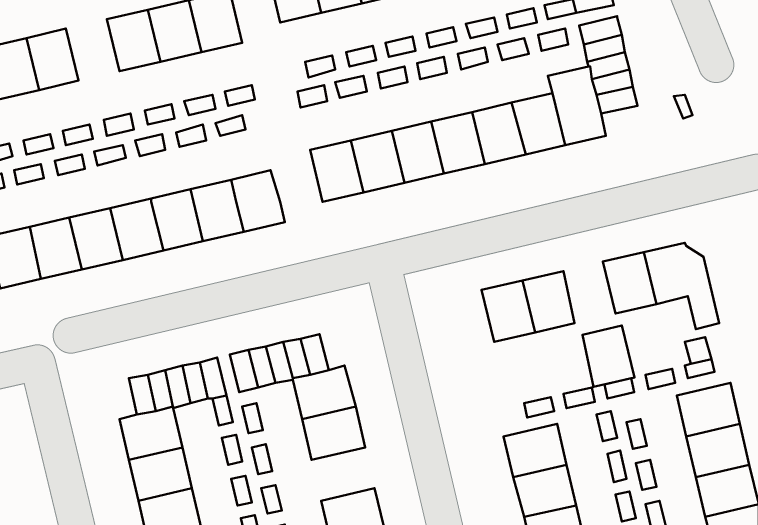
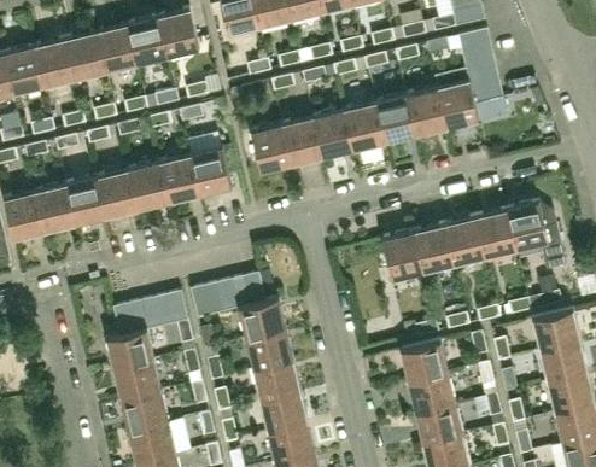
building: none -> [64,31,105,78]
building: [582,325,634,387] -> [445,217,485,264]
building: none -> [252,360,300,401]

